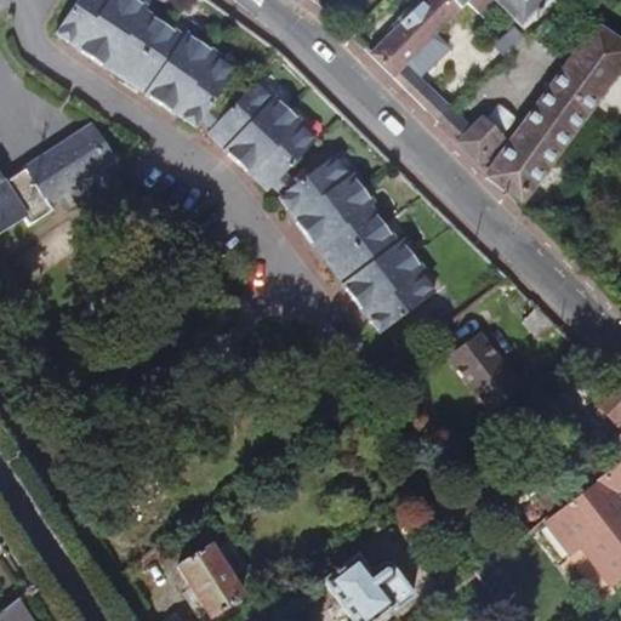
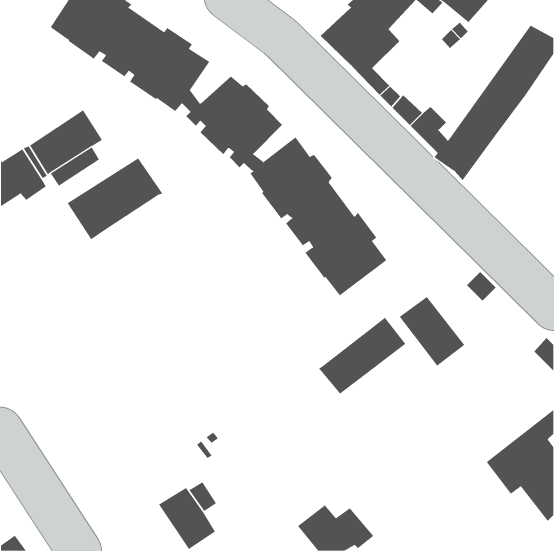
building: none -> [67,158,163,240]
building: none -> [318,317,406,395]

